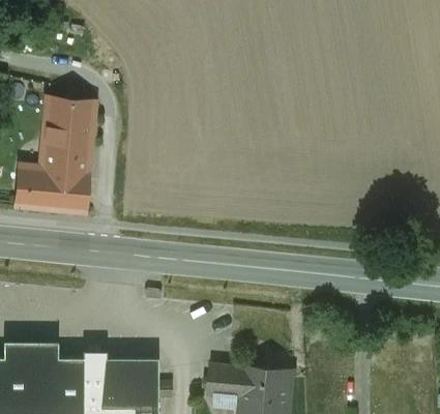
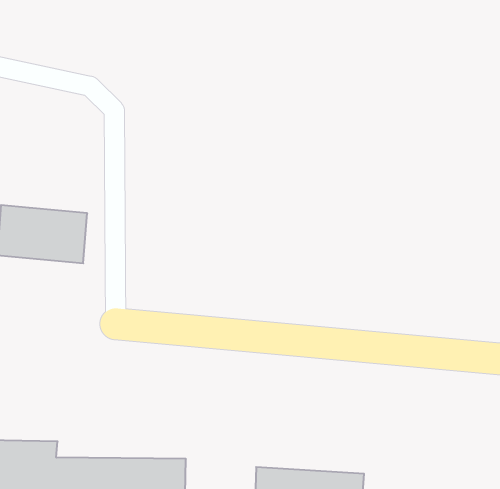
building: [39,96,90,171] -> none

